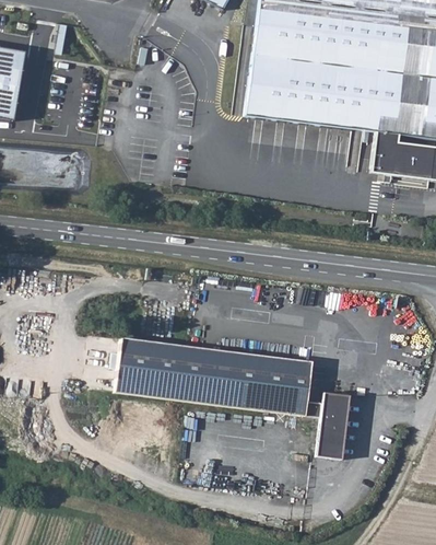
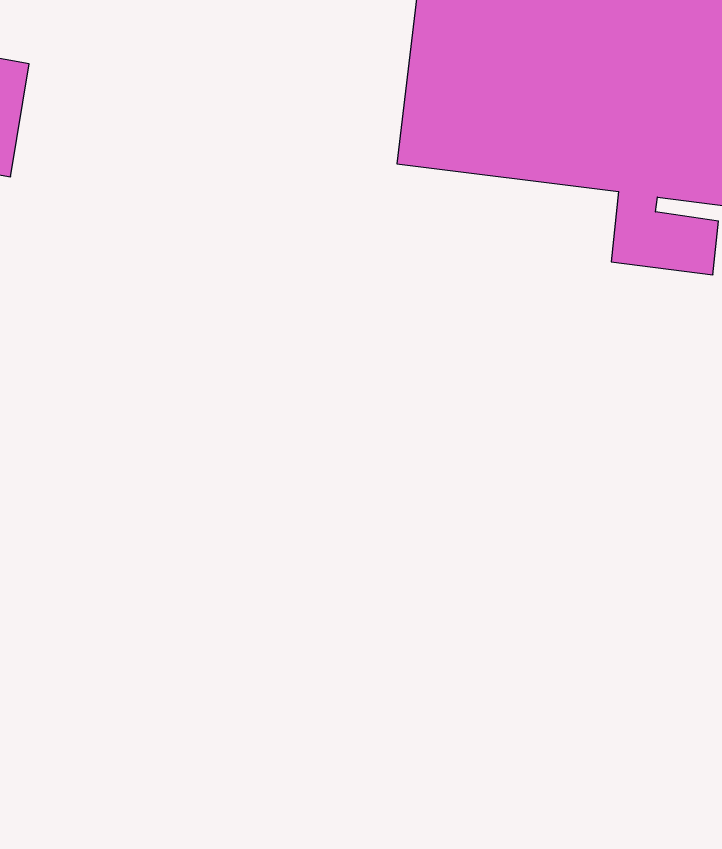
building: [116,337,352,459] -> none

